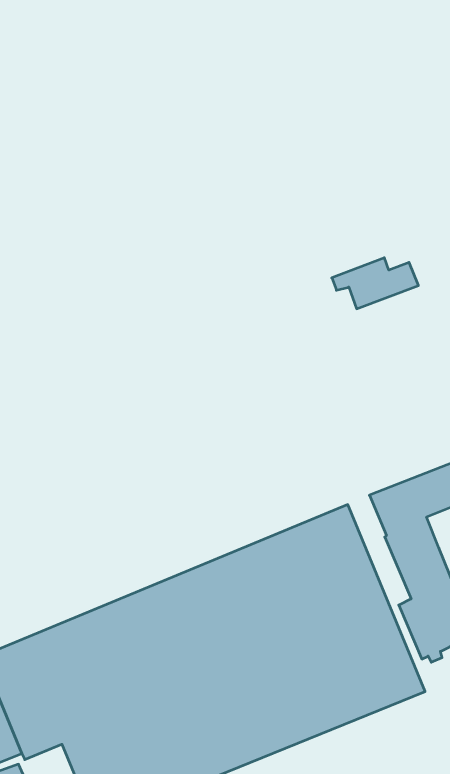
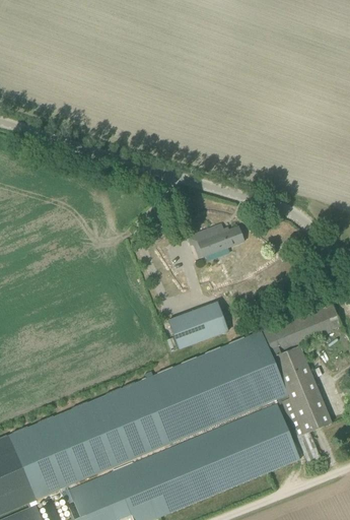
building: [332,258,418,309] -> [188,222,244,256]
building: none -> [168,301,227,348]

